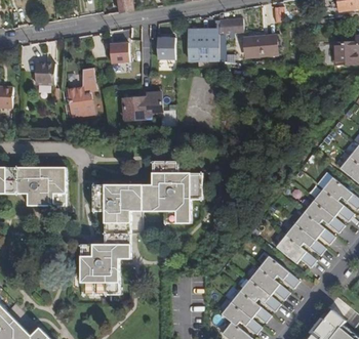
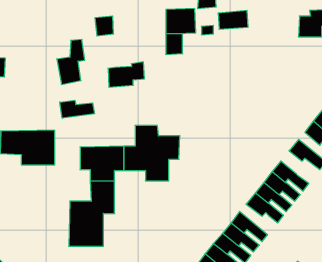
building: [157,37,175,59] -> [166,34,183,54]
building: [34,65,55,86] -> none
building: none -> [60,100,94,118]
building: [313,188,353,221] -> none

